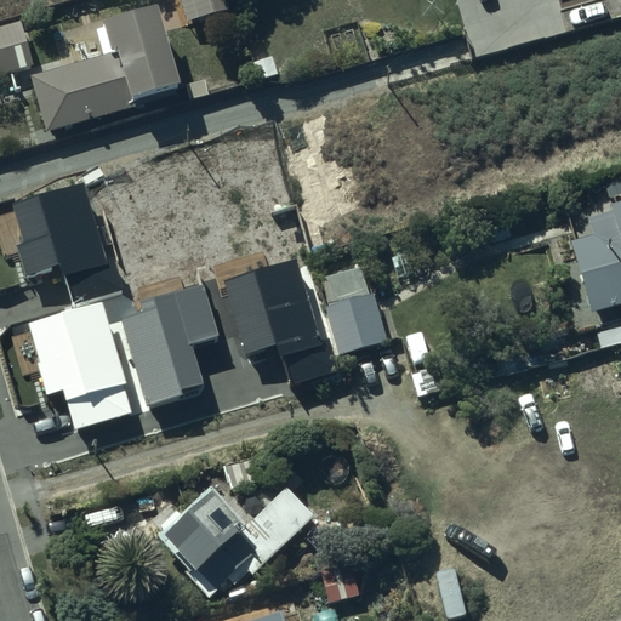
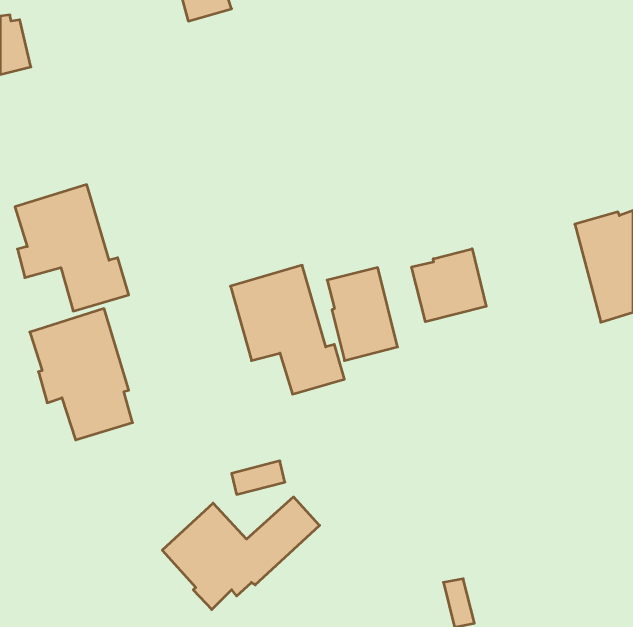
building: [29,10,178,131] -> none
building: none -> [412,249,486,322]
building: [120,283,220,406] -> none

